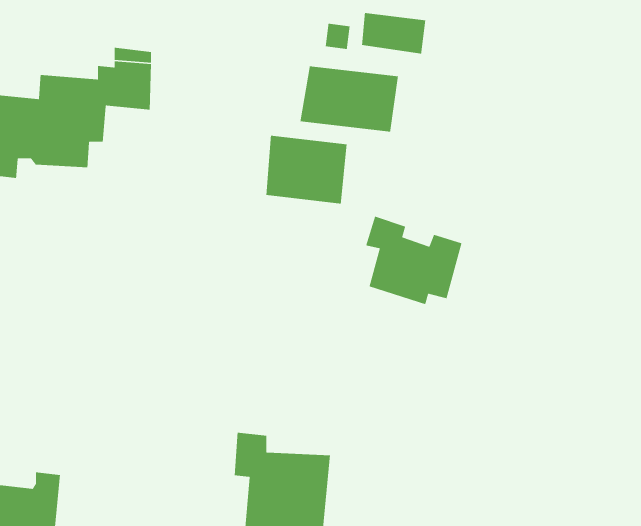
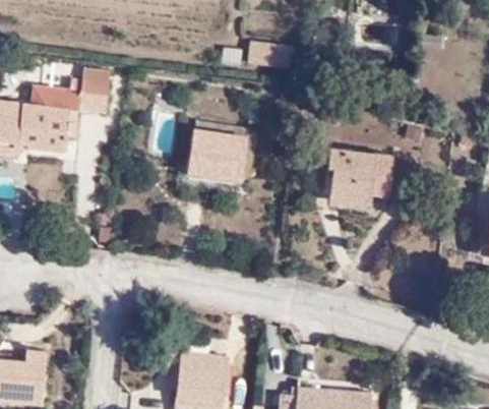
building: [300,66,399,133] -> none
building: [365,216,462,305] -> [325,150,390,210]

